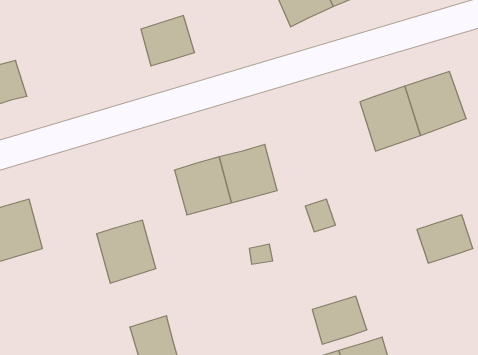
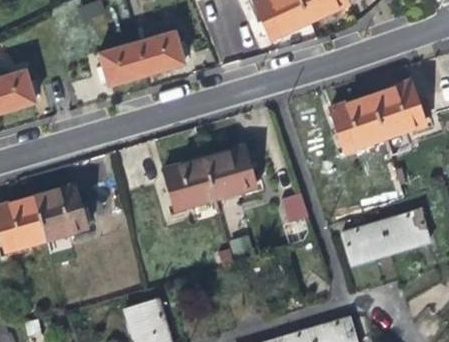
building: none -> [97,43,144,87]
building: [97,220,156,283] -> [35,183,88,239]
building: [312,296,367,344] -> [343,222,392,265]

